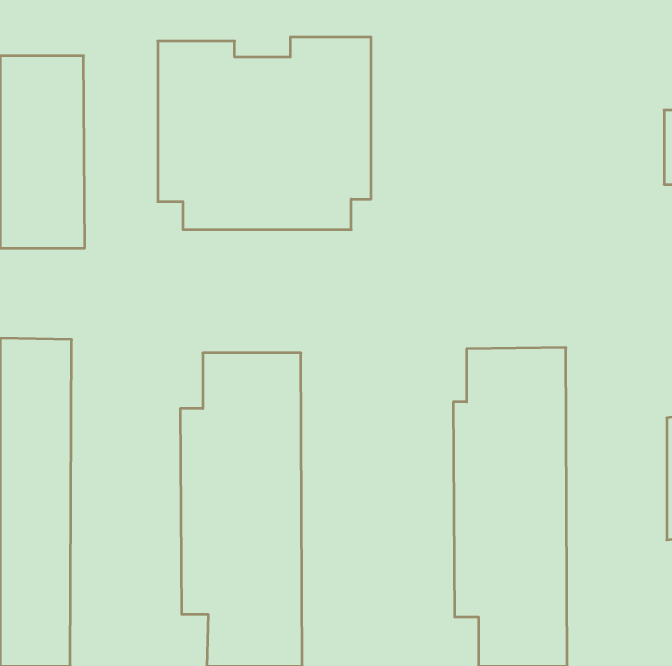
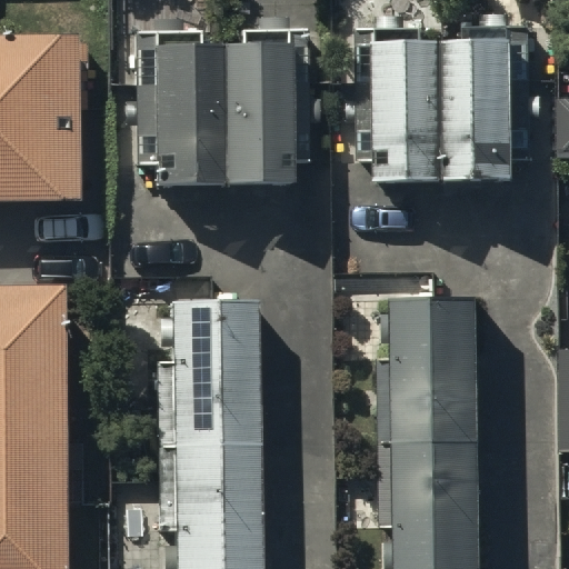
building: none -> [362,51,541,190]

